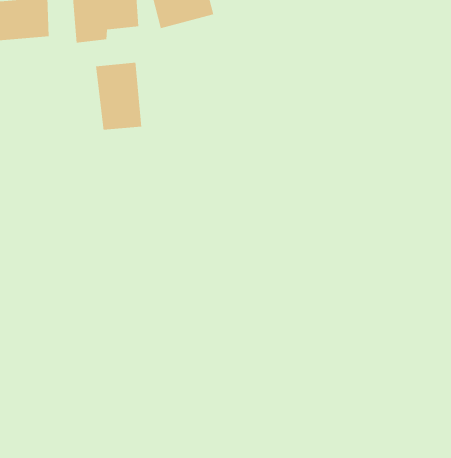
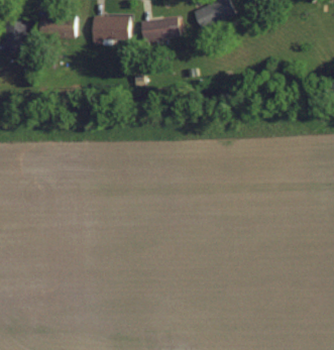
building: [95,62,142,130] -> none

